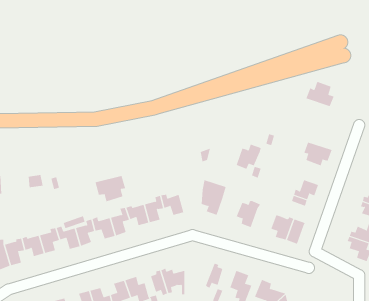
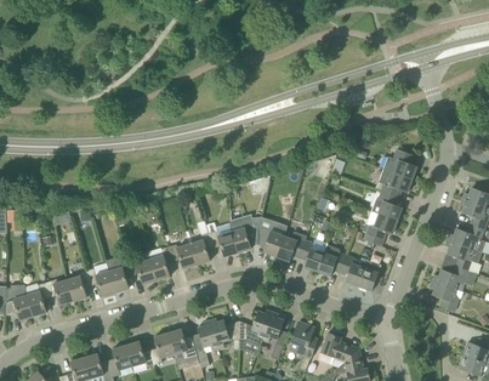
building: [306,81,334,107] -> [383,148,417,178]
building: [236,144,261,169] -> [277,231,307,261]
building: none -> [371,190,403,220]
building: [95,175,126,202] -> none
building: none -> [231,212,261,252]
building: none -> [317,244,346,275]
building: none -> [239,309,273,345]

